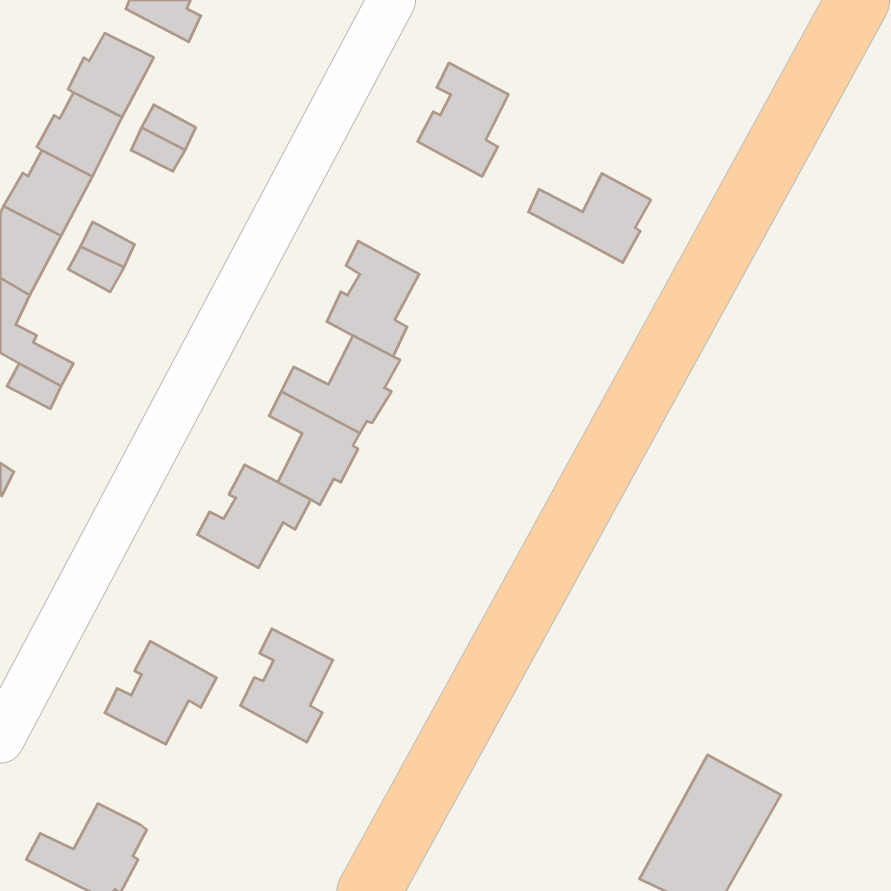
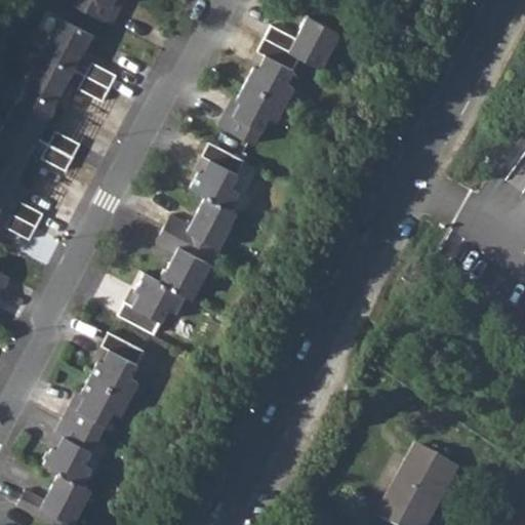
building: none -> [219,84,284,145]
building: [528,173,651,263] -> [265,15,336,68]
building: [240,629,333,742] -> [89,332,144,399]
building: none -> [43,419,98,485]

